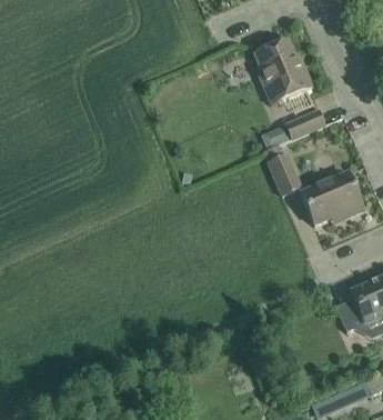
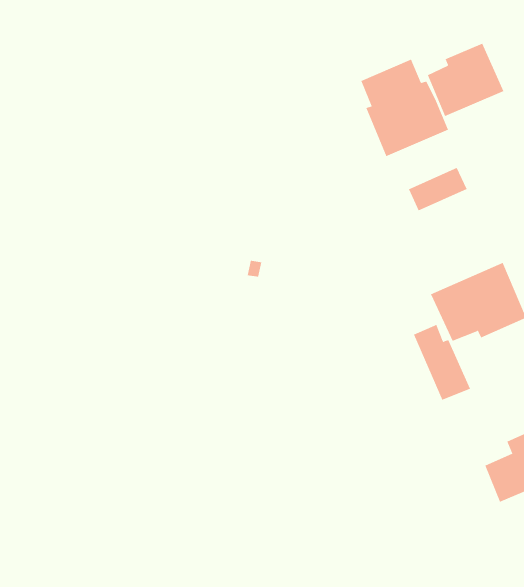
building: none -> [427,43,504,117]
building: [263,144,301,194] -> [413,324,471,401]

